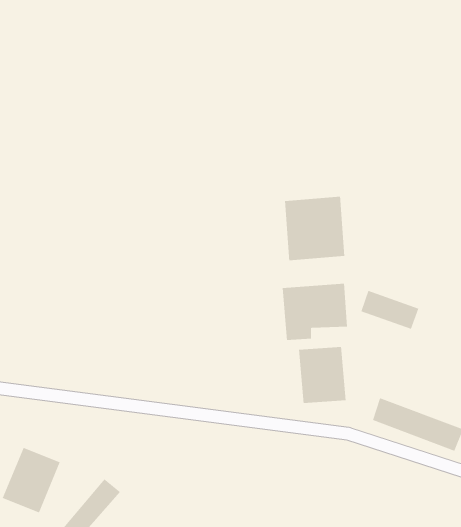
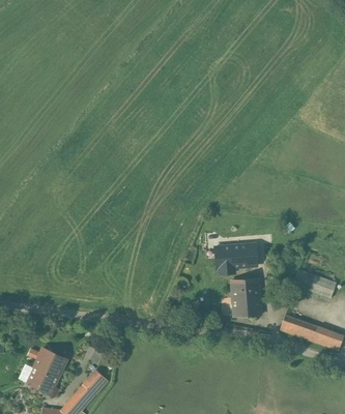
building: [285,196,345,261] -> none
building: [360,290,419,329] -> [295,271,336,298]

